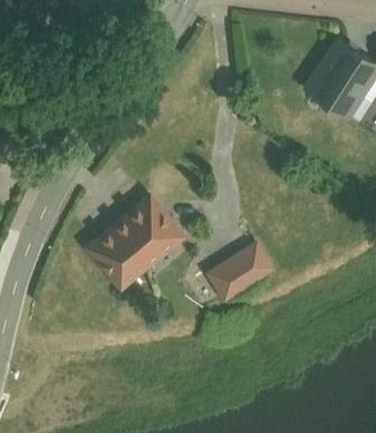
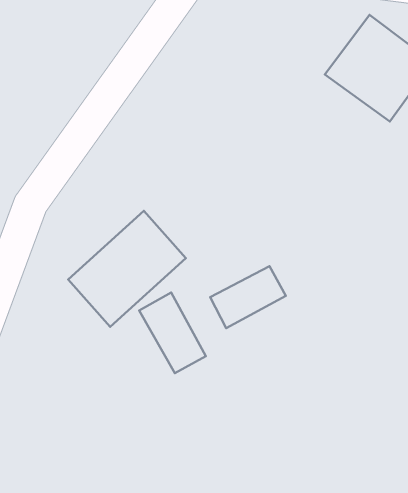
building: none -> [139,292,206,373]

